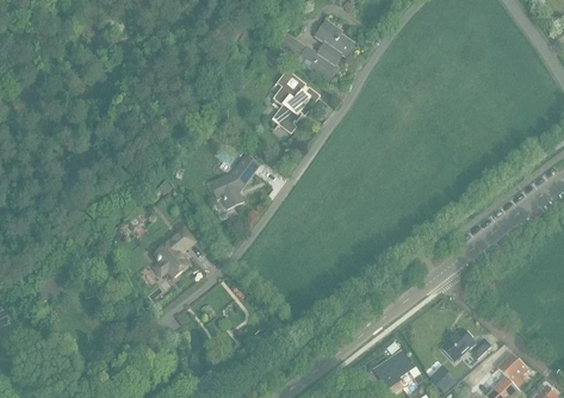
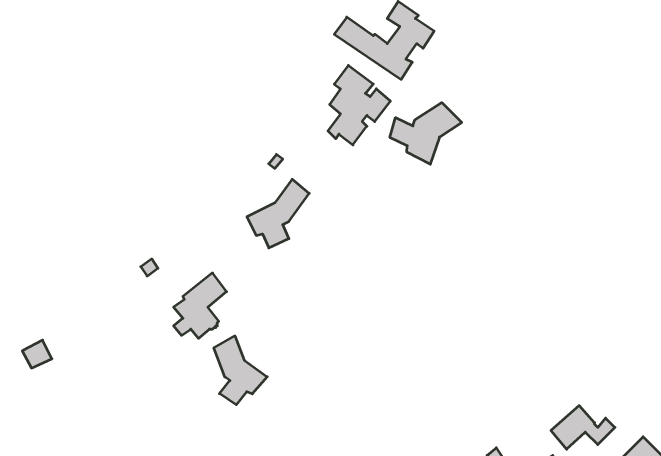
building: none -> [390,103,462,164]
building: none -> [214,336,267,405]

